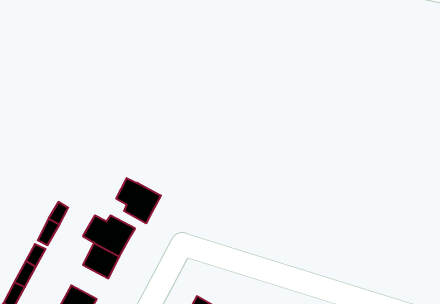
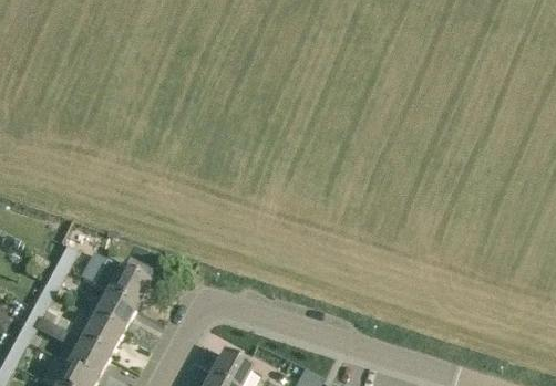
building: [116,178,161,223] -> none
building: none -> [66,306,123,353]

